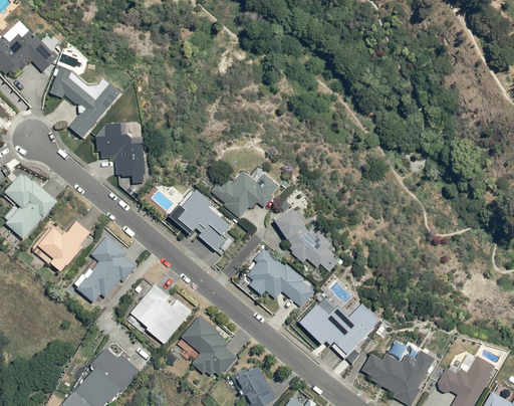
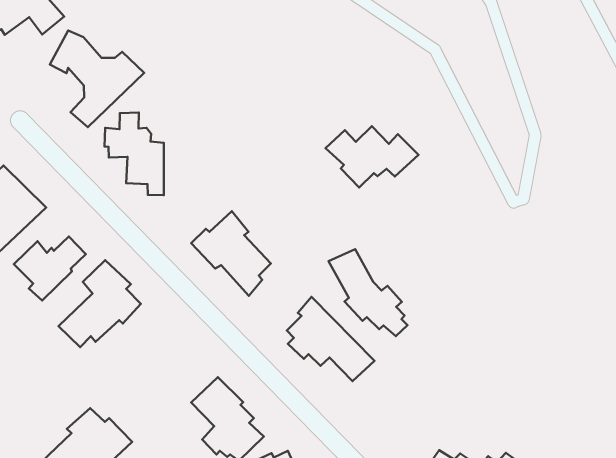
building: [210,171,280,218] -> [326,126,419,188]
building: [130,283,192,344] -> none
building: [298,302,379,354] -> none

